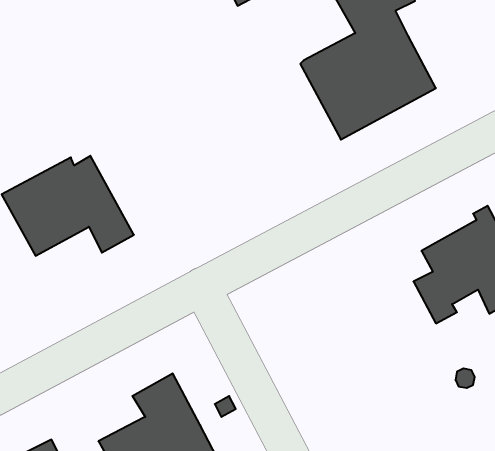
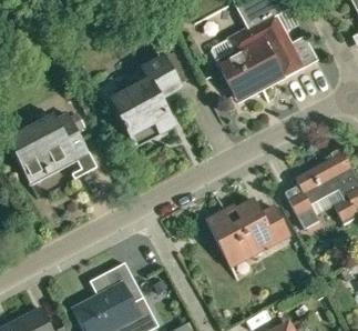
building: none -> [111,54,181,138]
building: none -> [205,197,288,265]

